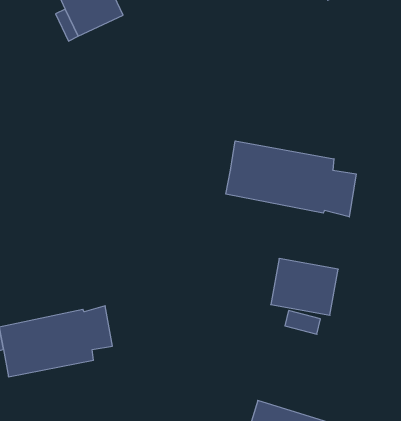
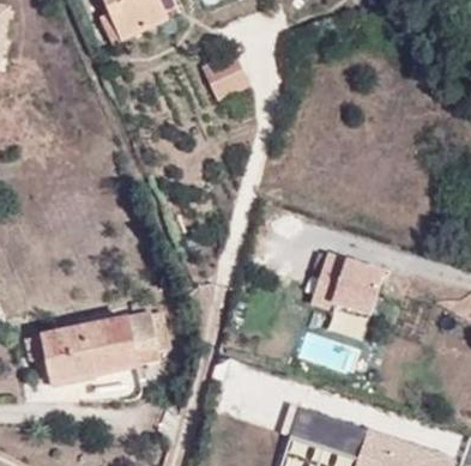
building: none -> [205,54,248,99]
building: [226,141,356,217] -> none

